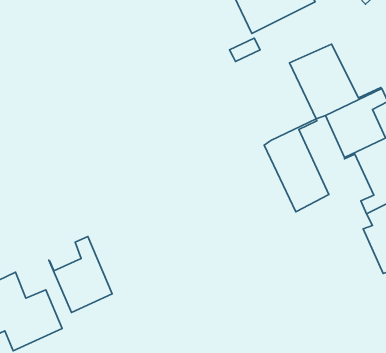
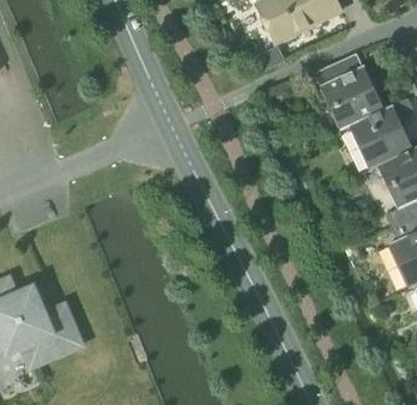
building: [264,119,329,212] -> none
building: [49,237,112,313] -> none

